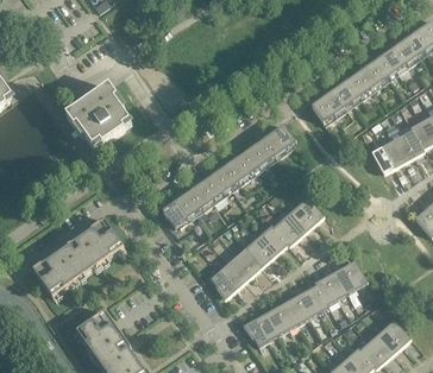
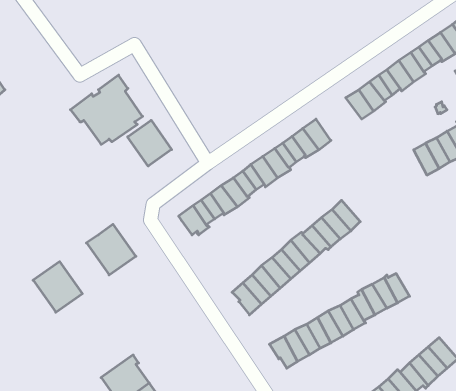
building: none -> [128,120,172,166]
building: [56,235,100,280] -> none
building: [76,311,121,355] -> none

